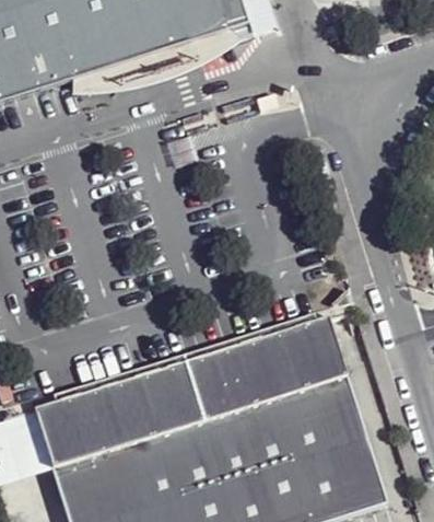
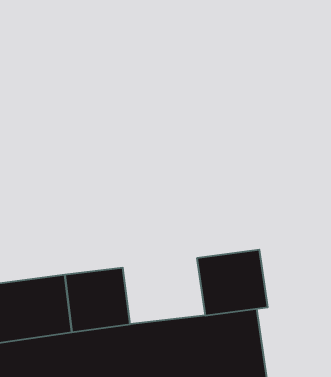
building: [189,338,284,419] -> none

